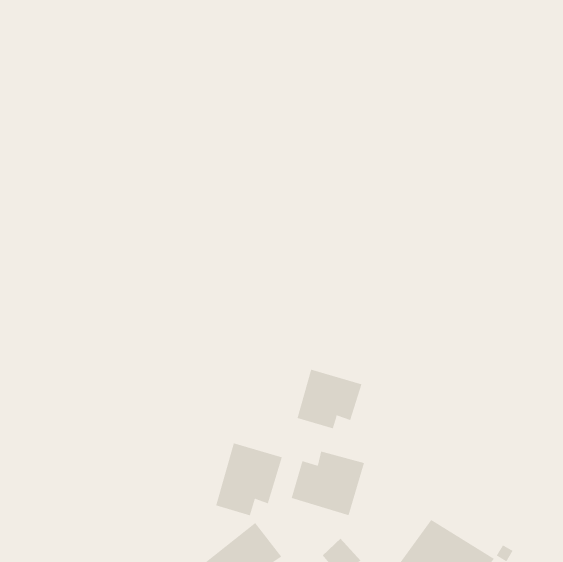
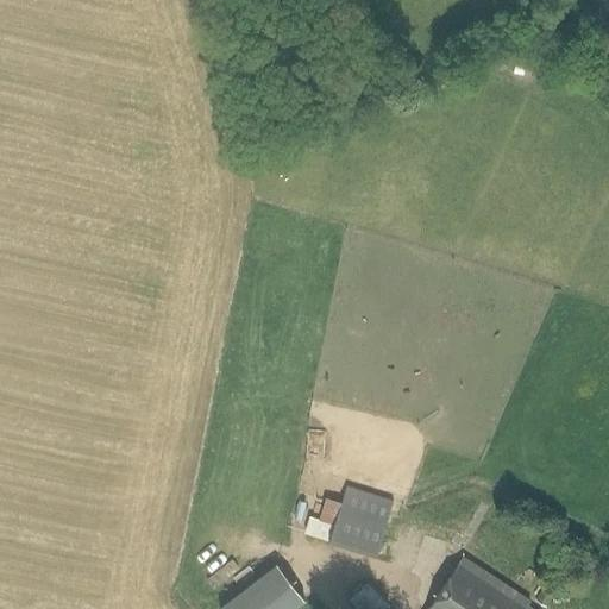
building: [297,369,362,429] -> none
building: [215,442,283,516] -> none

